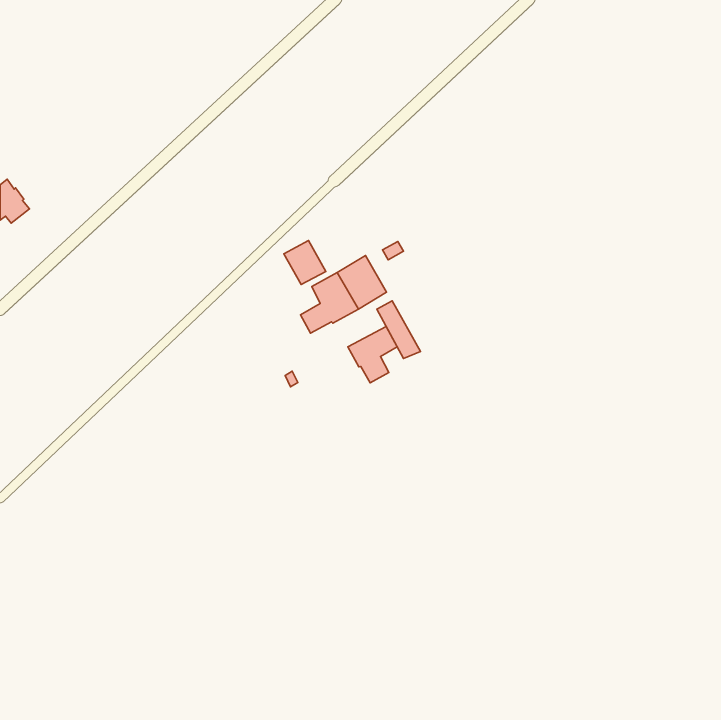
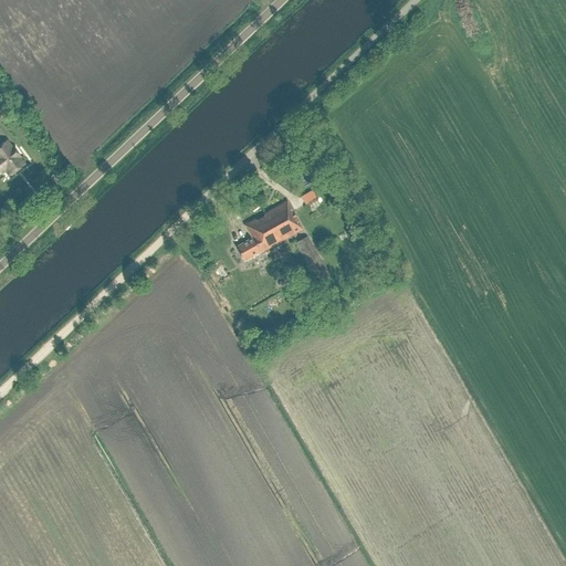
building: [284,240,326,285] -> none
building: [348,327,397,383] -> none

